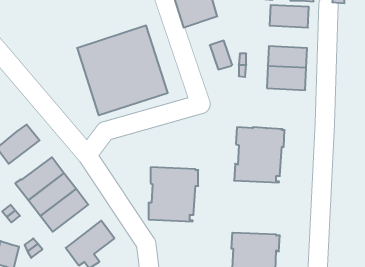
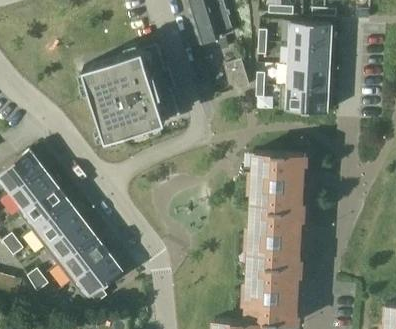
building: none -> [289,44,331,68]
building: none -> [11,167,57,209]
building: [149,167,198,221] -> [250,210,303,268]
building: none -> [58,236,110,282]

